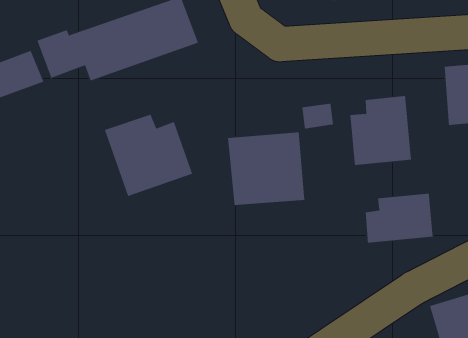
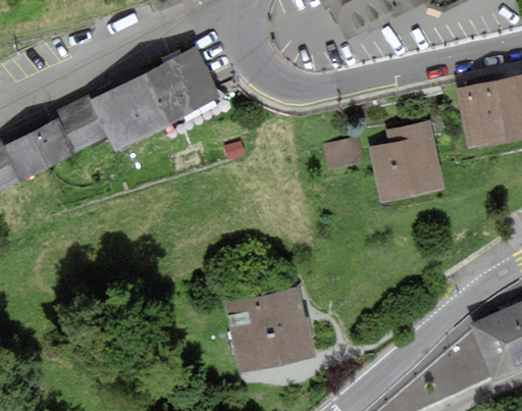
building: [104,114,193,197] -> none
building: [227,132,305,205] -> [230,286,314,365]
building: [365,193,433,243] -> none

